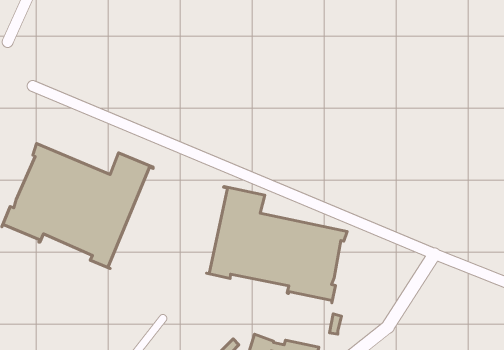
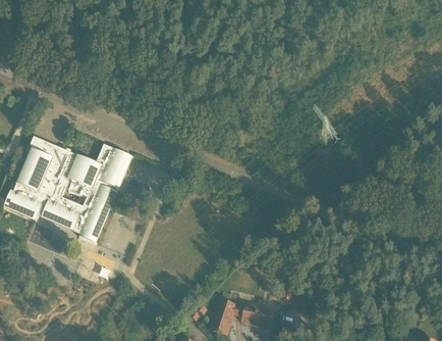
building: [206,186,347,303] -> none

